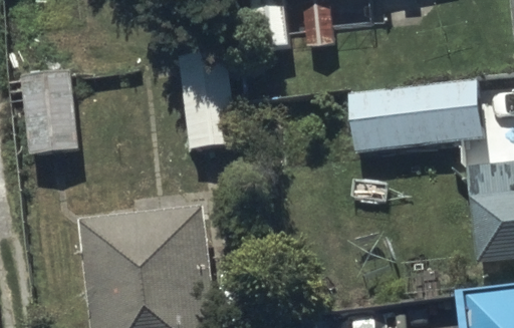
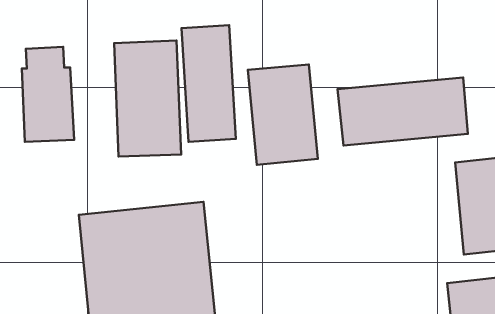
building: none -> [114,40,181,157]
building: none -> [248,65,318,165]

